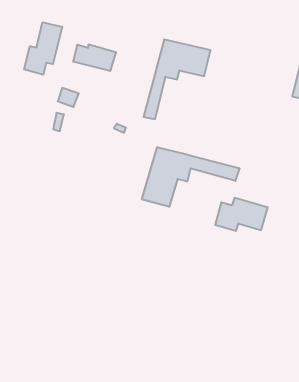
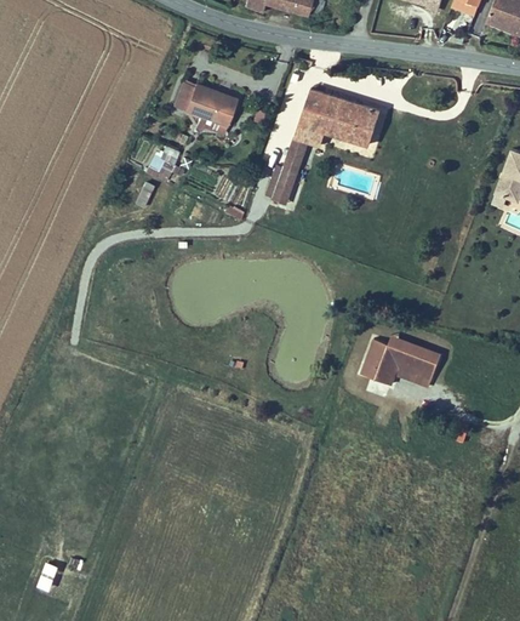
building: [24,22,62,75] -> none
building: [142,147,240,207] -> none

